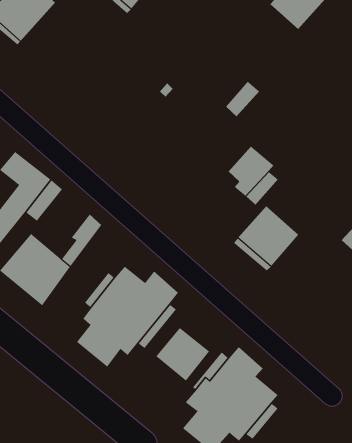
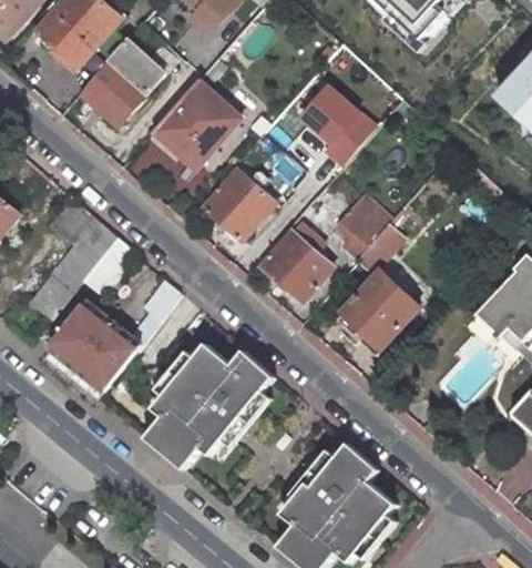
building: none -> [80,39,162,124]
building: none -> [149,81,239,172]
building: none -> [299,87,359,146]
building: none -> [204,166,277,239]
building: none -> [262,233,330,301]
building: [155,327,210,381] -> none

